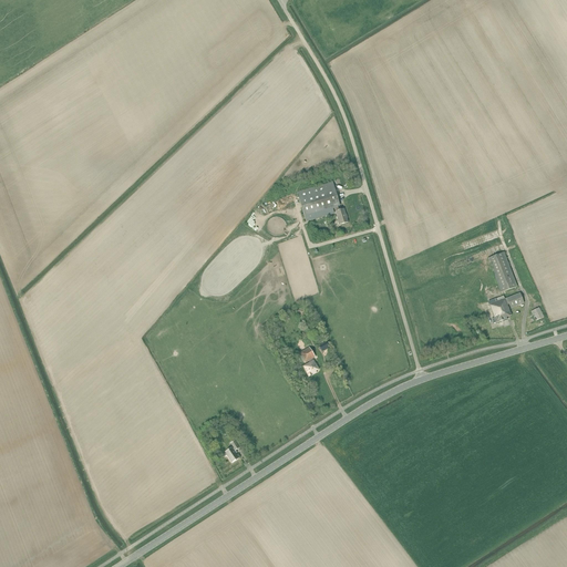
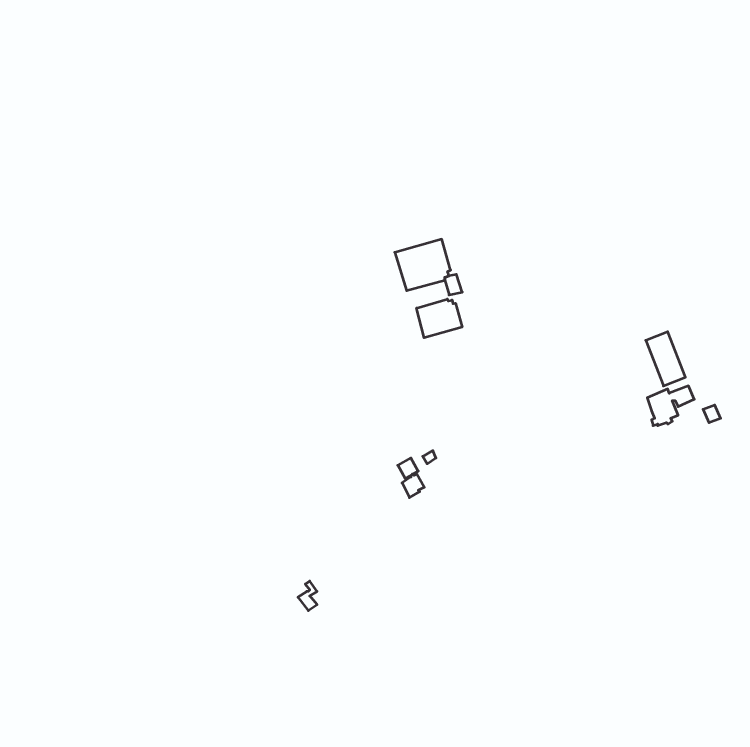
building: none -> [417,299,462,338]

